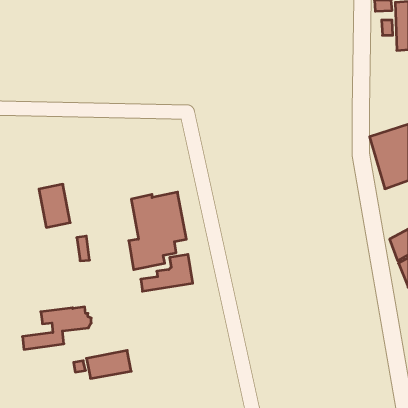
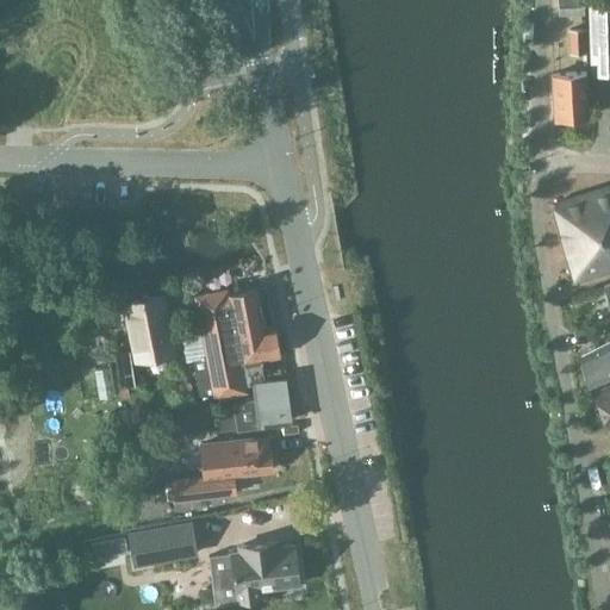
building: none -> [554,73,589,120]
building: [39,184,70,227] -> [126,297,173,361]
building: [22,307,91,349] -> [173,440,275,503]
building: none -> [208,543,300,604]

